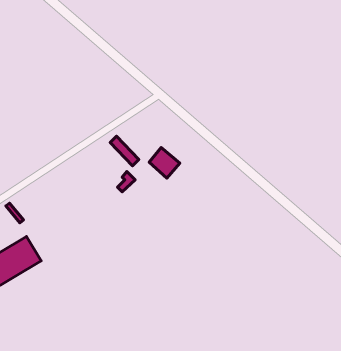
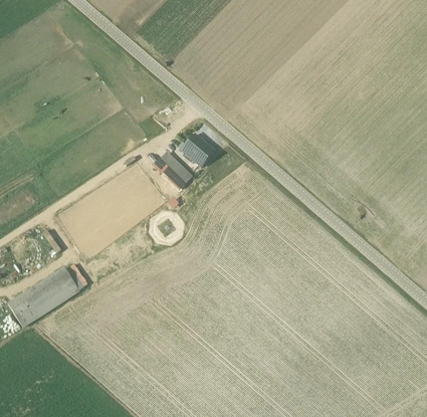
building: [149,147,180,178] -> [183,132,216,165]

